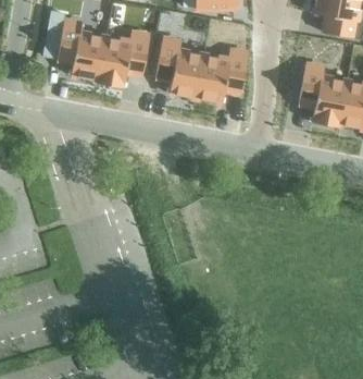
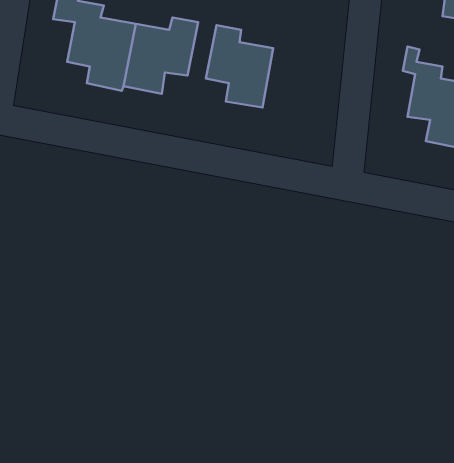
building: [195,50,247,102] -> none

